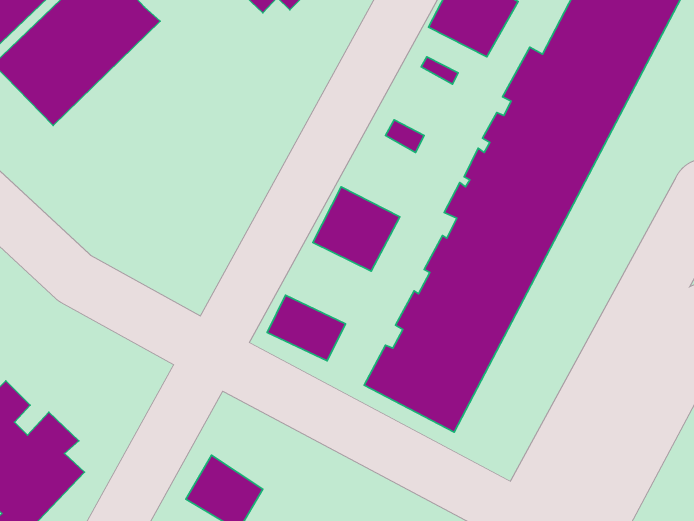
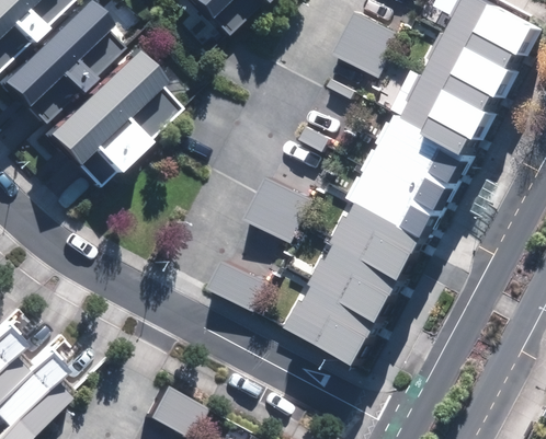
building: none -> [50,55,183,189]

